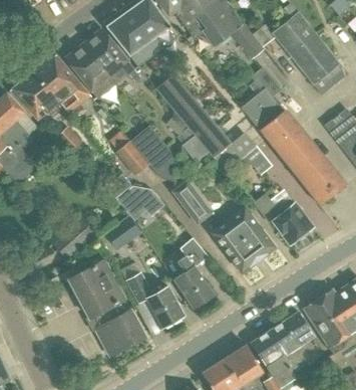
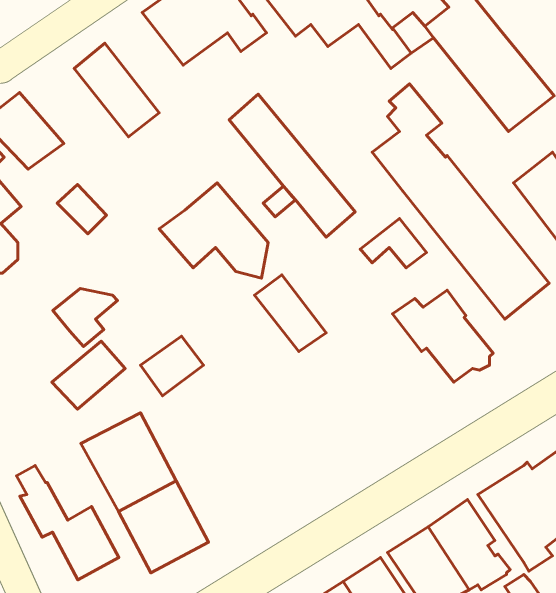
building: [83,28,147,84] -> none
building: [33,56,91,115] -> none
building: [116,186,154,220] -> [53,289,117,346]
building: [213,209,274,271] -> none
building: [173,238,216,310] -> none
building: [123,262,184,330] -> [17,466,119,580]

